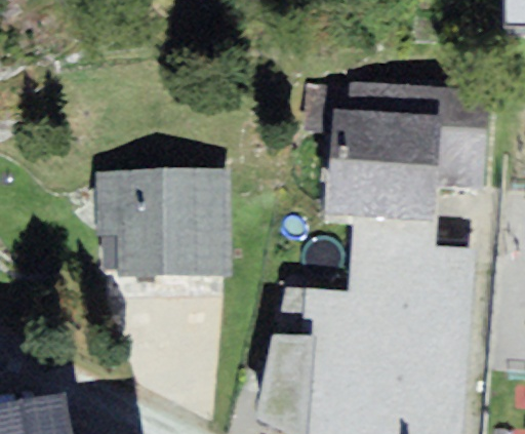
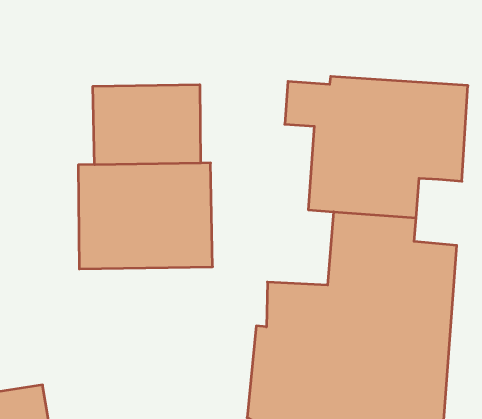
building: none -> [93,85,201,165]

